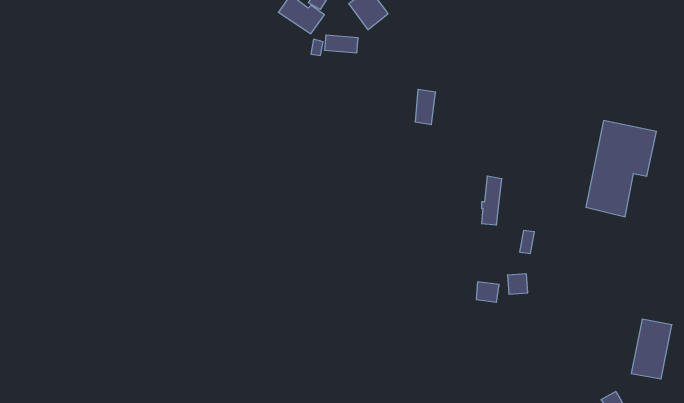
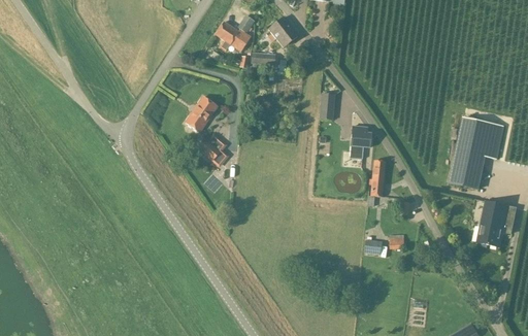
building: none -> [186,96,217,131]
building: none -> [351,126,371,159]
building: none -> [201,135,226,165]
building: [631,319,672,379] -> [477,201,508,246]

